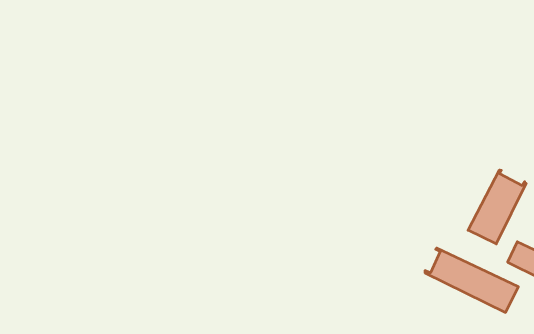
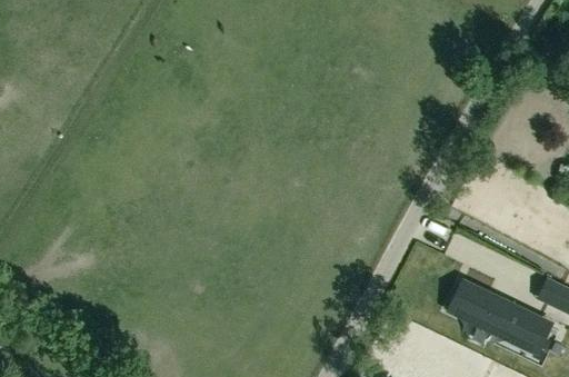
building: [468,170,526,244] -> none

